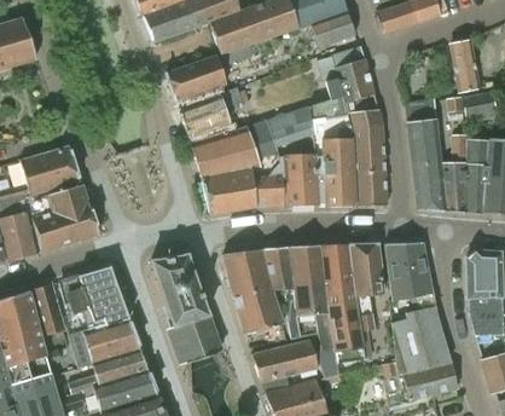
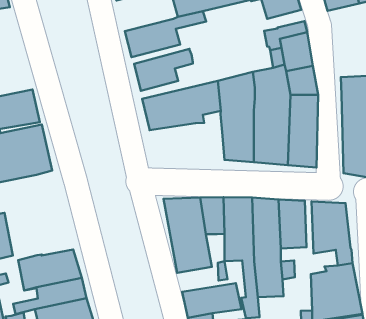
building: [202,168,286,215] -> none
building: [151,249,221,366] -> none
building: [62,266,133,328] -> none

